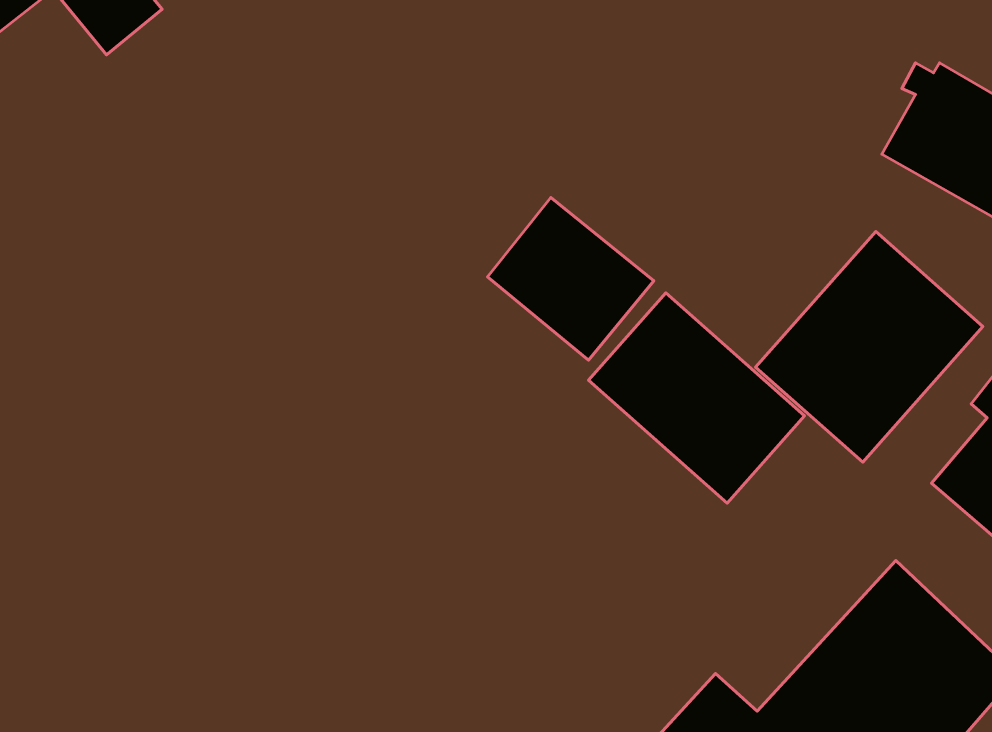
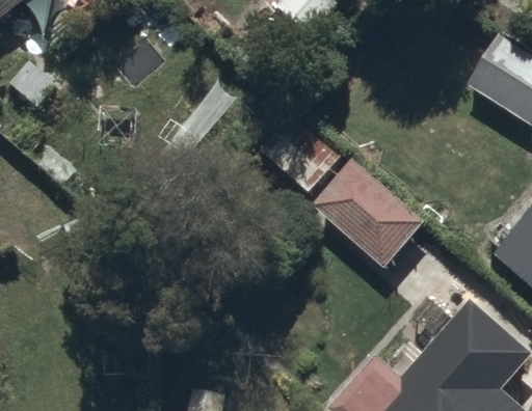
building: [755,232,983,462] -> none

